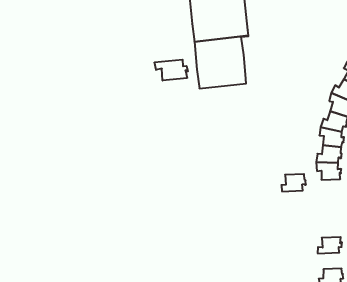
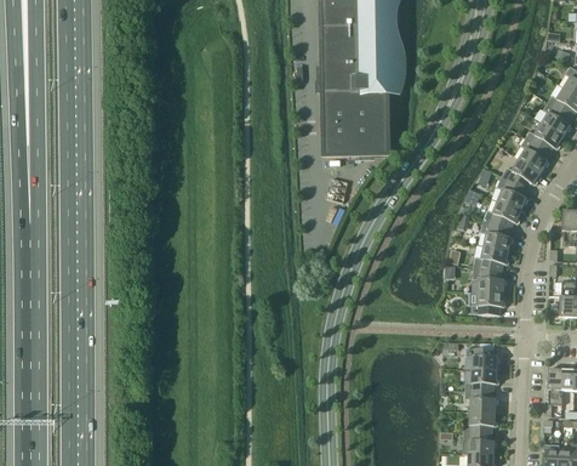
building: [155,60,188,81] -> none
building: [281,174,306,191] -> [473,291,505,314]
building: none -> [467,347,499,370]
building: none -> [465,390,498,413]

